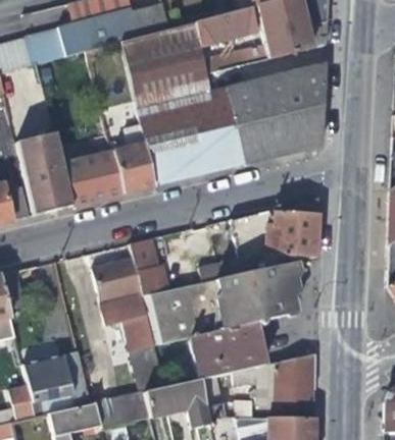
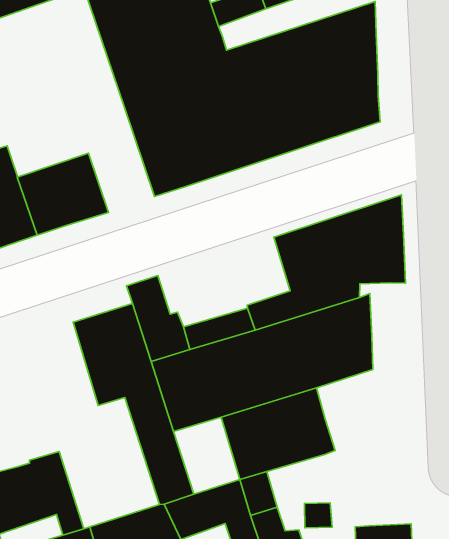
building: [113,124,155,194] -> none
building: [255,353,310,418] -> none

